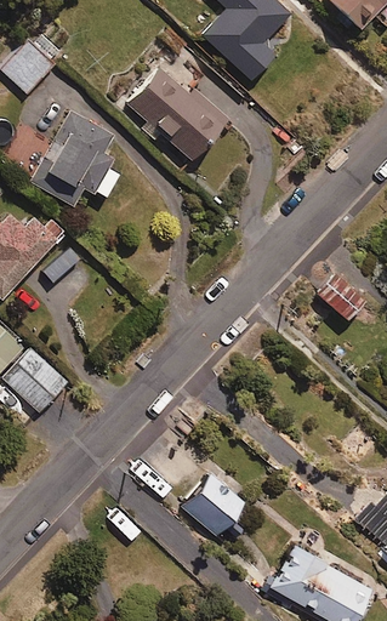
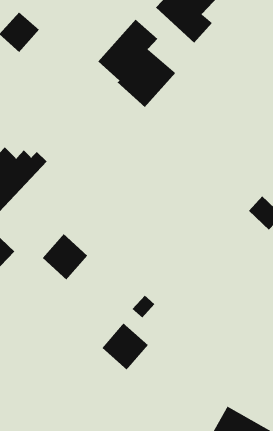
building: [30,110,119,206] -> none
building: [8,353,68,414] -> [42,233,88,280]
building: [184,475,245,537] -> [101,322,149,371]

